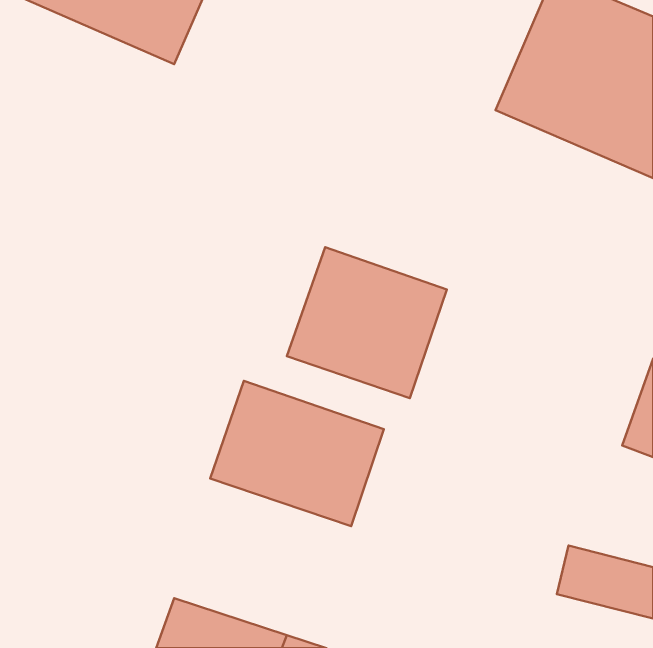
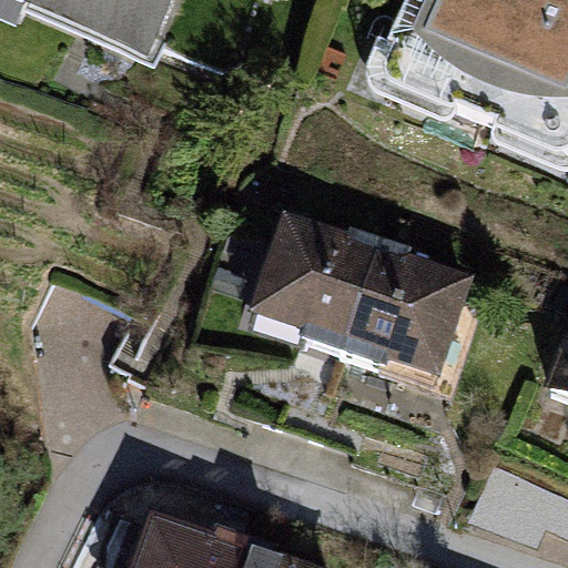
building: none -> [355,251,484,378]
building: [210,381,384,526] -> none

